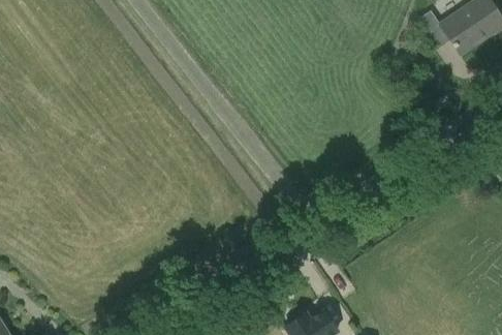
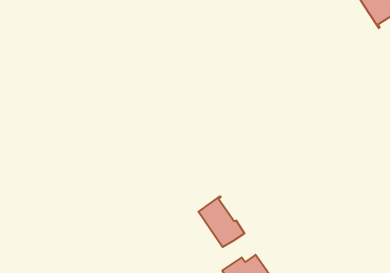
building: none -> [198,196,244,247]

